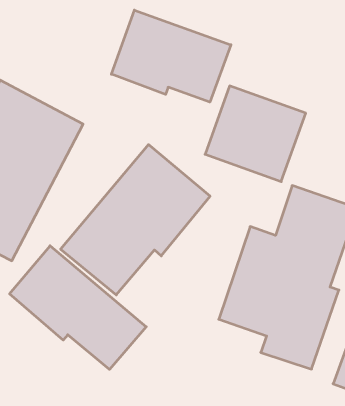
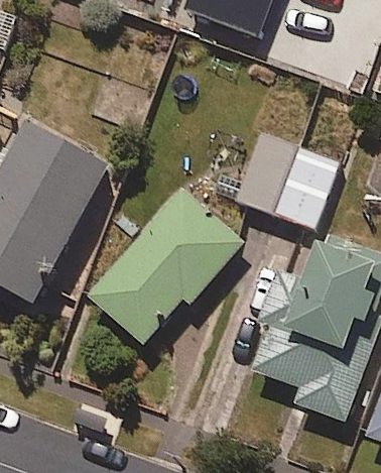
building: [111,10,231,102] -> none
building: [10,246,146,369] -> none

